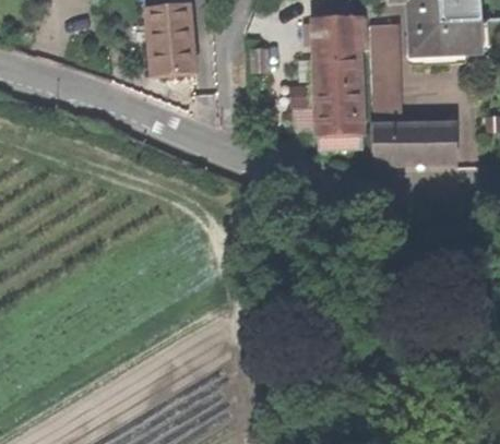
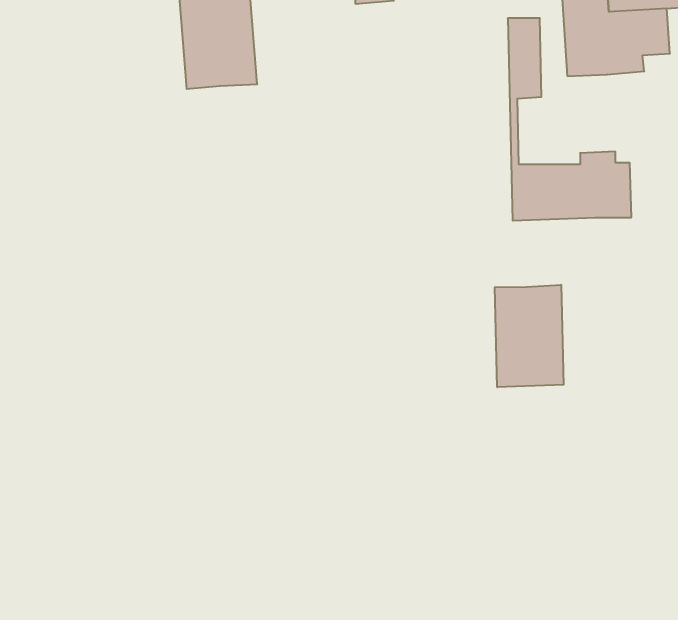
building: [311,16,364,133] -> none
building: none -> [495,285,564,387]

